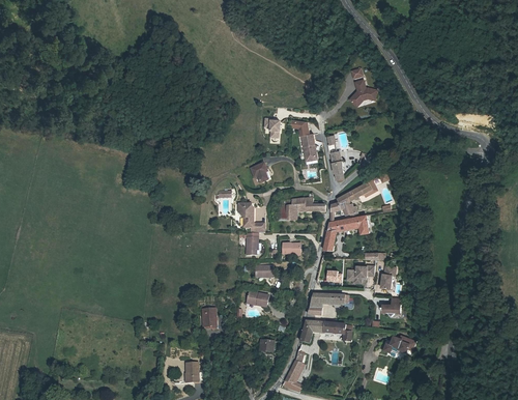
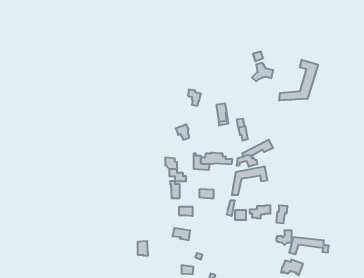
building: none -> [279,60,318,101]
building: [307,294,347,316] -> none
building: [299,321,350,343] -> [289,237,329,254]

